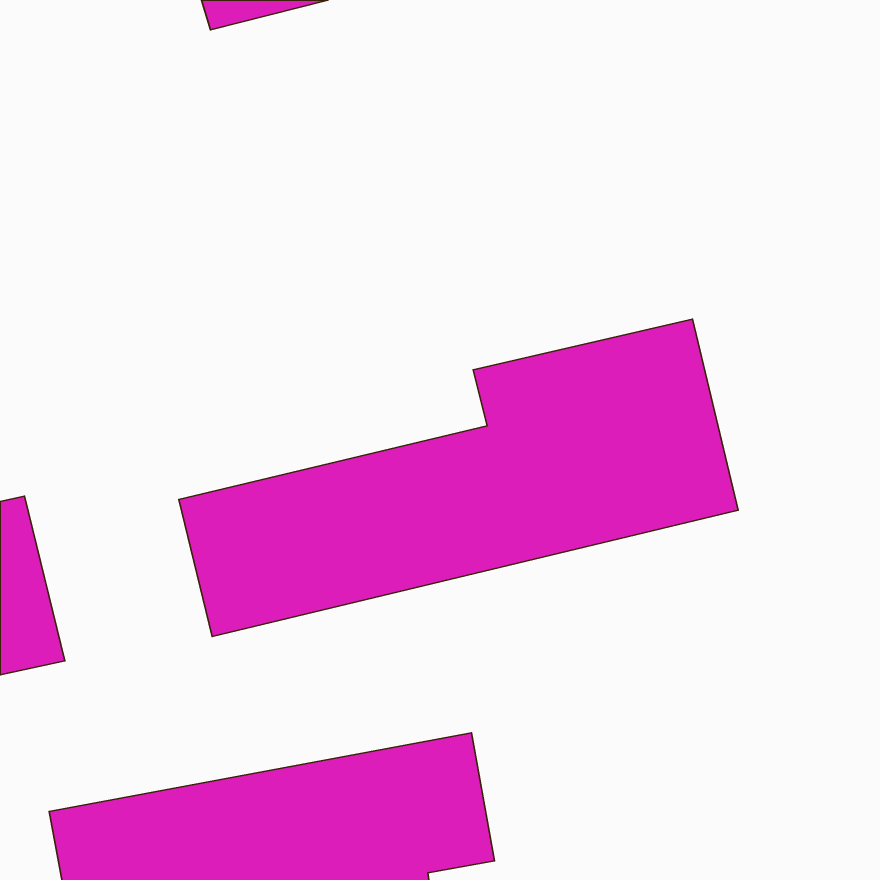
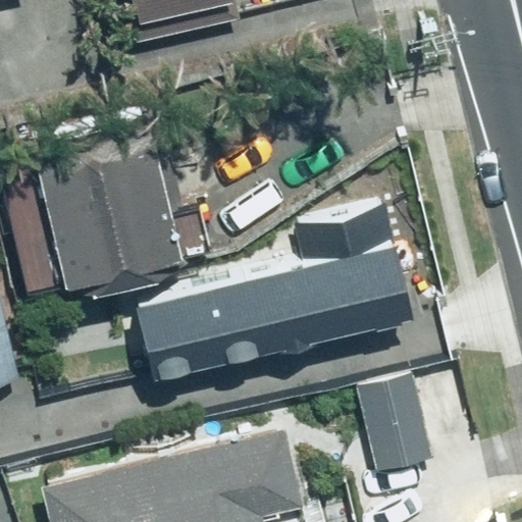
building: none -> [39,159,191,293]
building: none -> [357,376,440,482]

